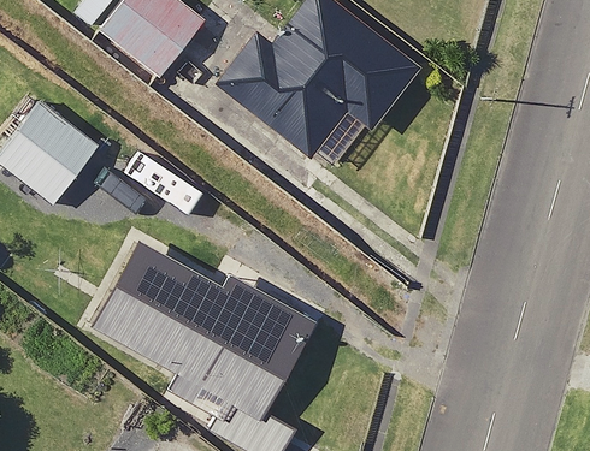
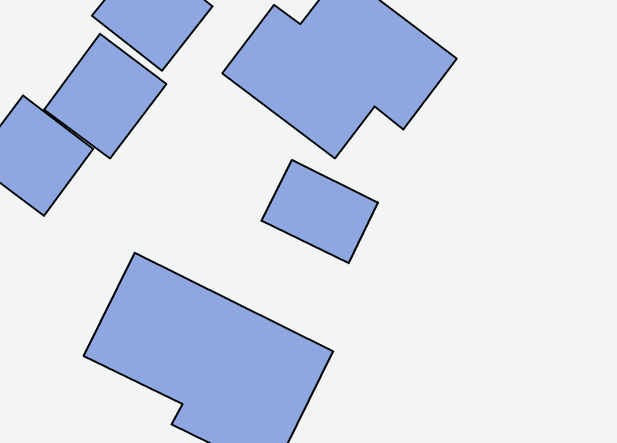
building: none -> [44,34,166,158]
building: none -> [261,160,378,263]

